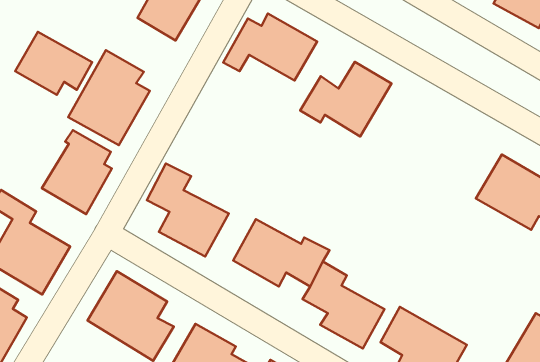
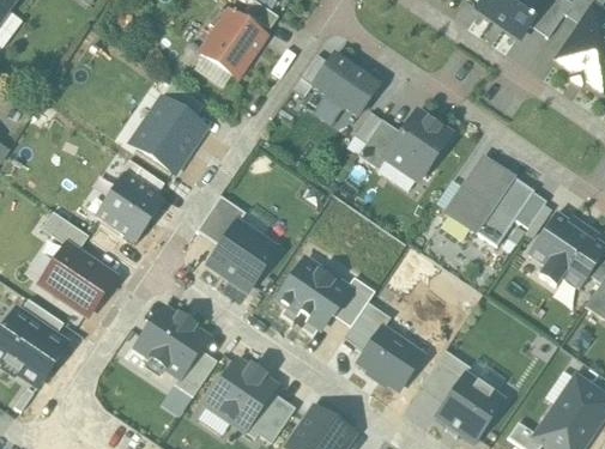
building: [15,32,92,95] -> none
building: none -> [442,159,545,249]

